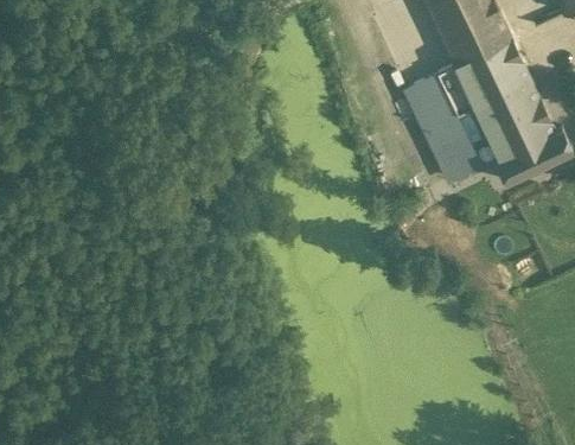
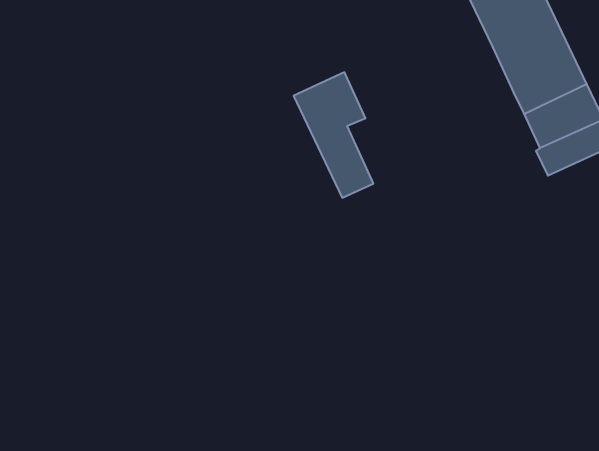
building: [409,62,481,176] -> [294,72,373,198]

